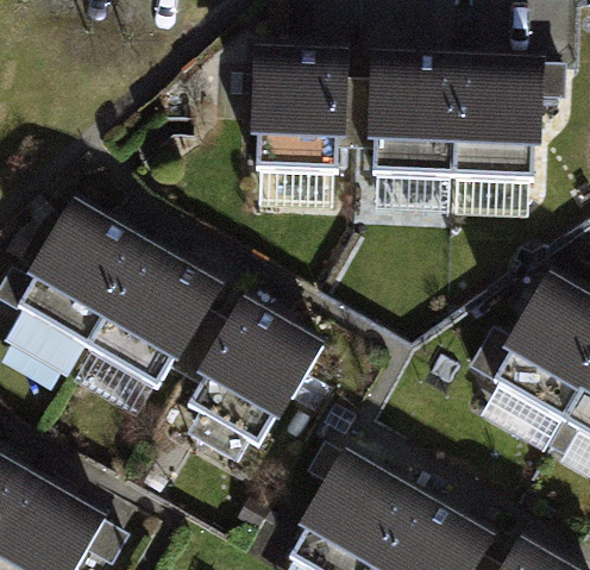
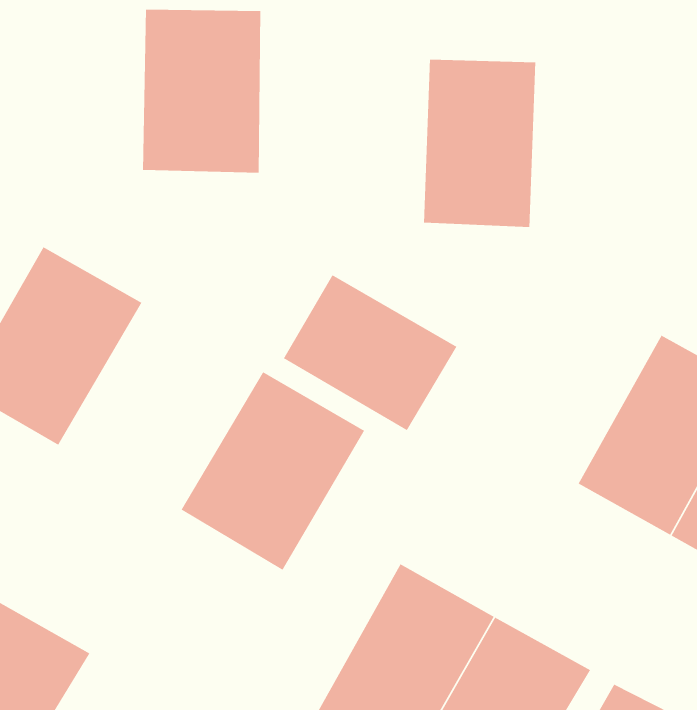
building: [246,48,339,176] -> [142,9,261,173]
building: [450,56,538,188] -> none
building: none -> [283,274,457,431]
building: [82,244,224,400] -> none

